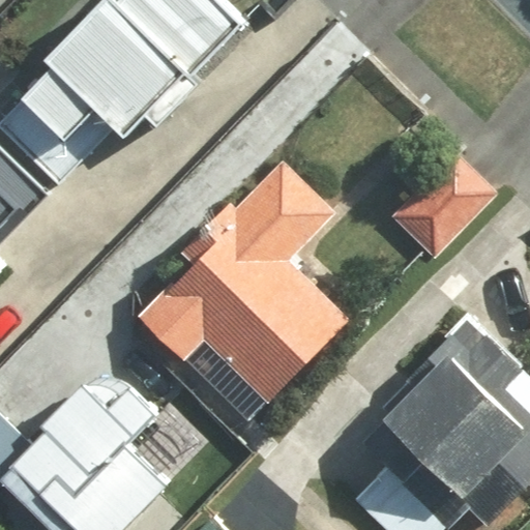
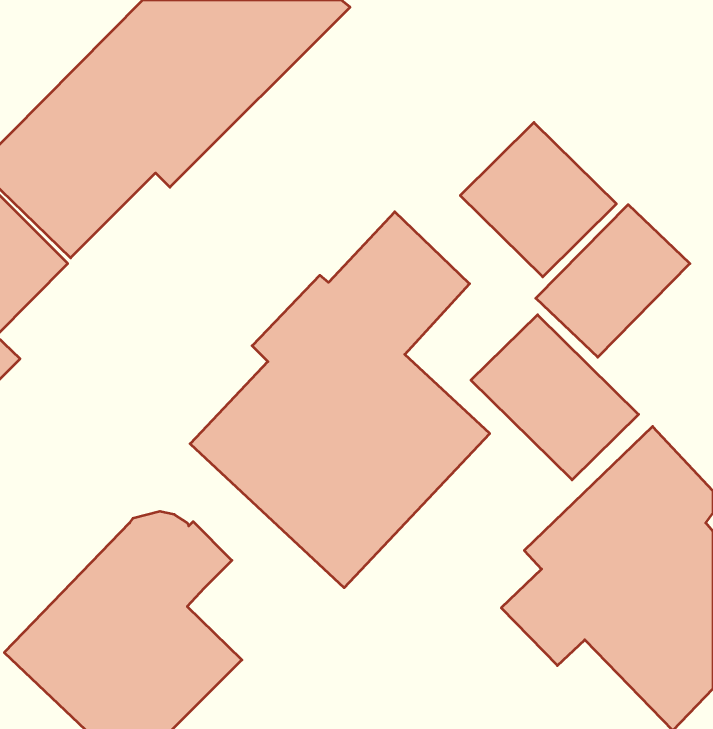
building: none -> [460,122,616,277]
building: none -> [471,315,639,480]

